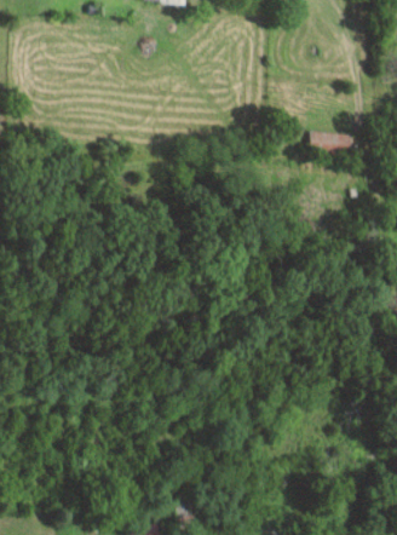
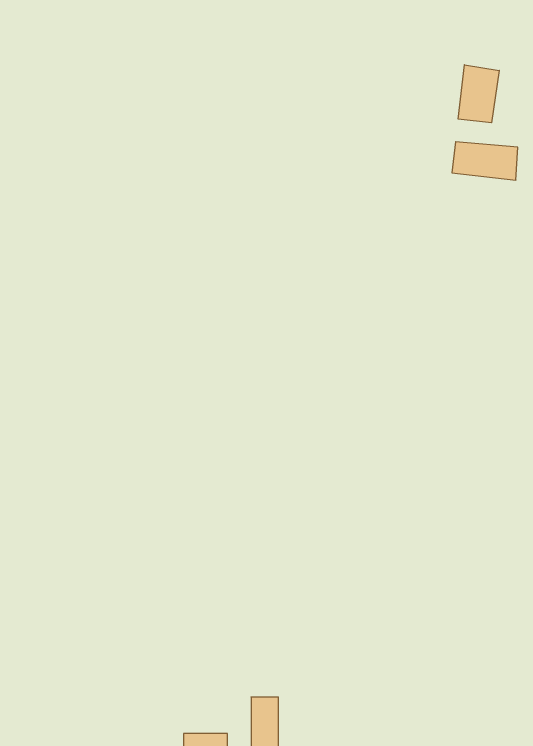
building: none -> [458,65,499,123]

